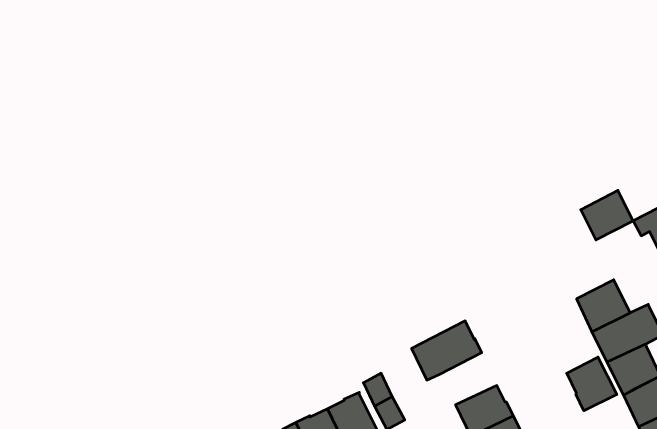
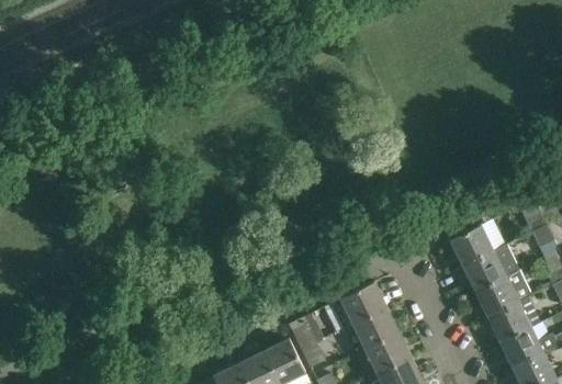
building: [581,190,633,240] -> [451,226,493,266]
building: none -> [353,308,400,350]
building: [567,357,617,411] -> none

